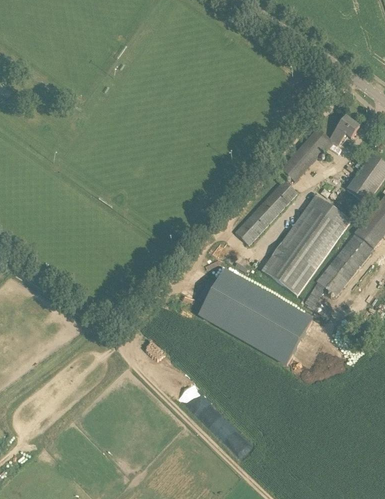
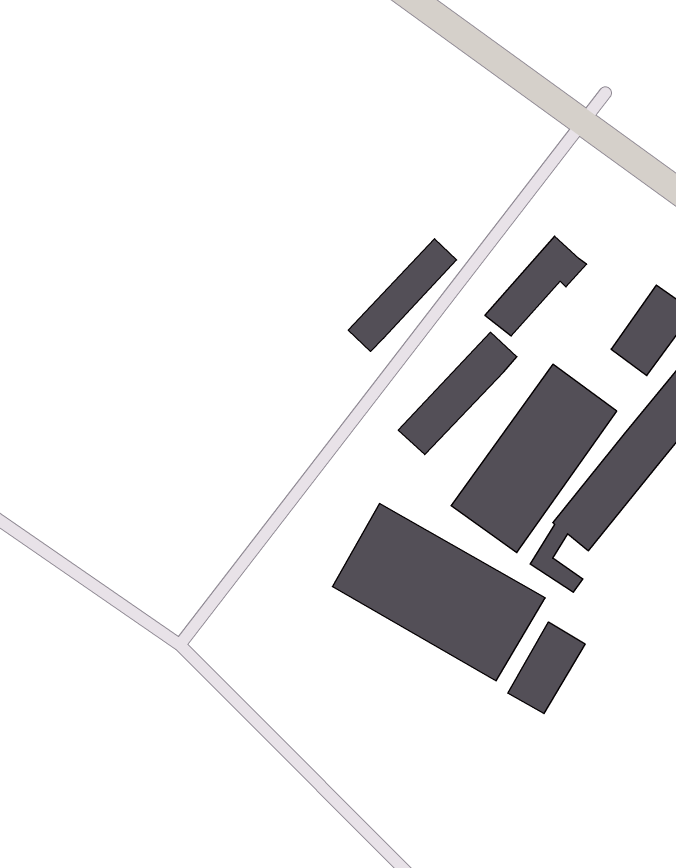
building: [330,115,359,142] -> none
building: none -> [348,239,457,351]
building: none -> [508,622,585,714]

